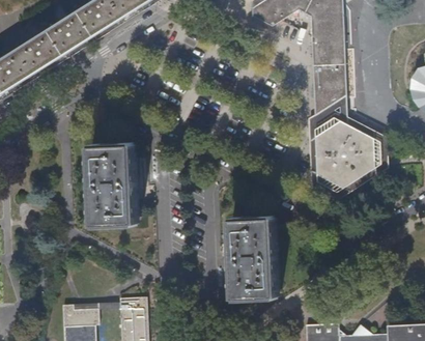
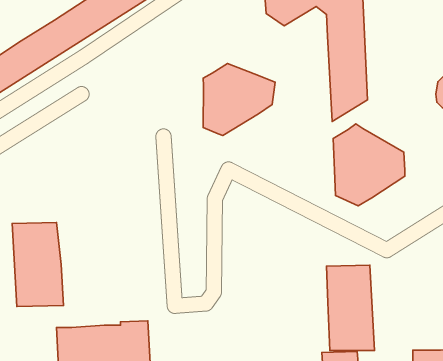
building: none -> [203,63,275,135]
building: [91,155,138,232] -> [12,222,63,307]
building: [233,227,277,305] -> [327,265,374,350]

